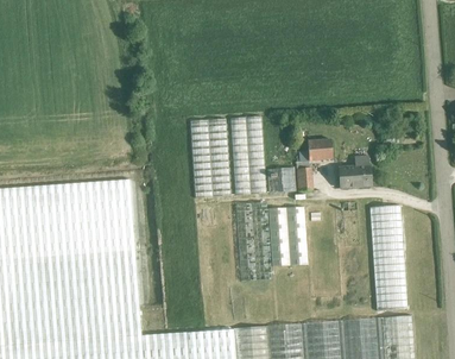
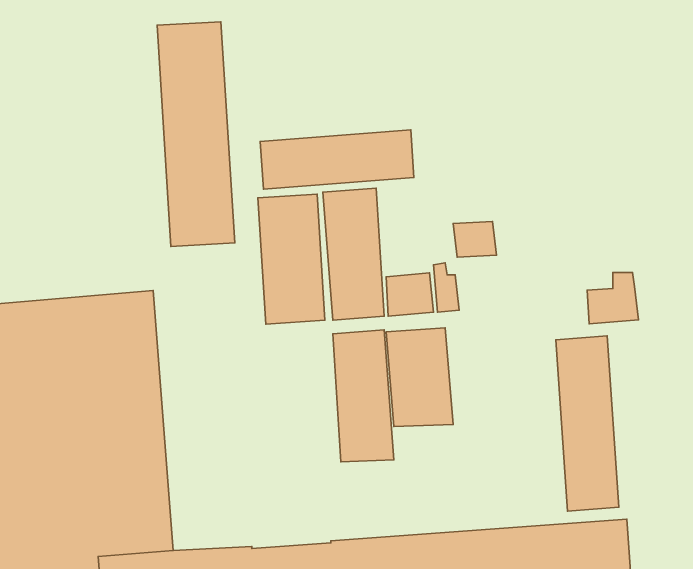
building: none -> [157,22,235,246]
building: none -> [260,130,414,189]
building: [339,157,369,188] -> [587,273,638,324]

